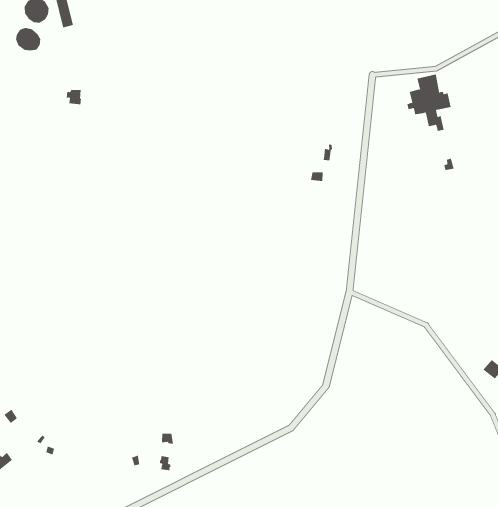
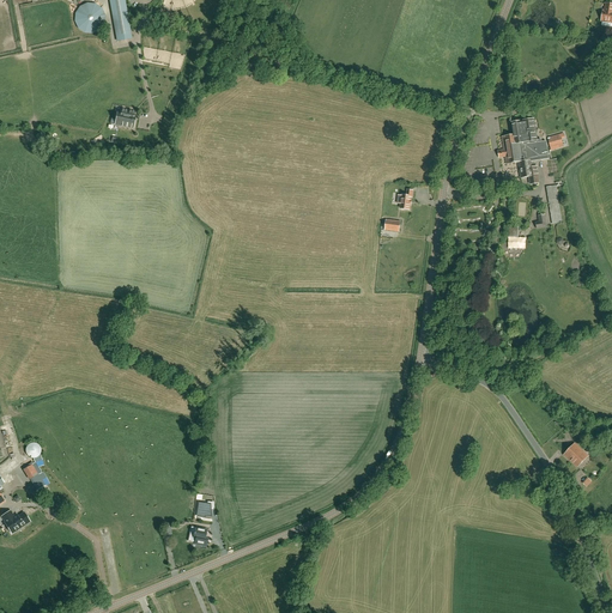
building: [15,27,41,51] -> none

